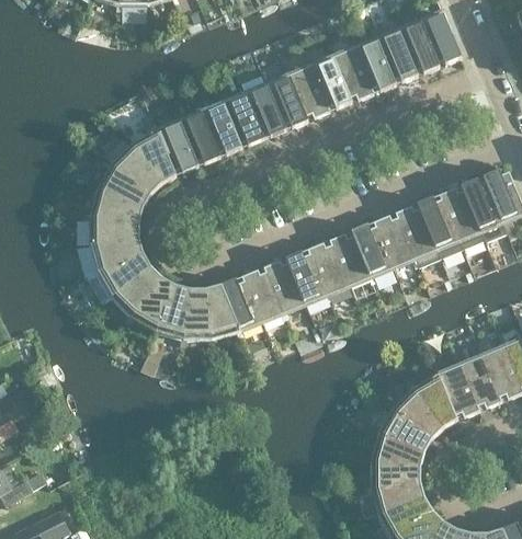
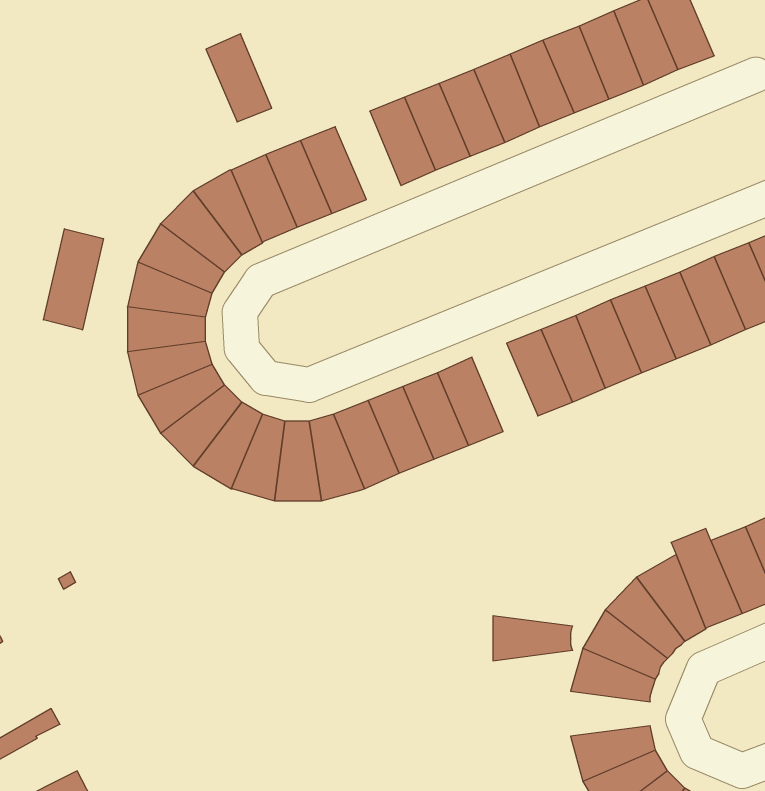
building: [223,92,264,148] -> [206,34,272,122]
building: none -> [43,229,104,330]
building: [309,239,351,295] -> none
building: [372,459,422,488] -> [493,616,573,661]

